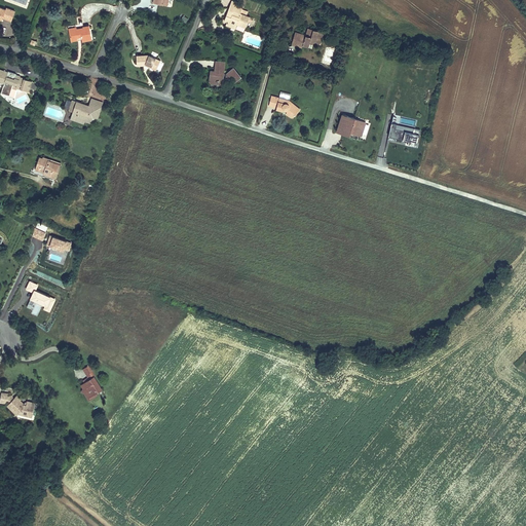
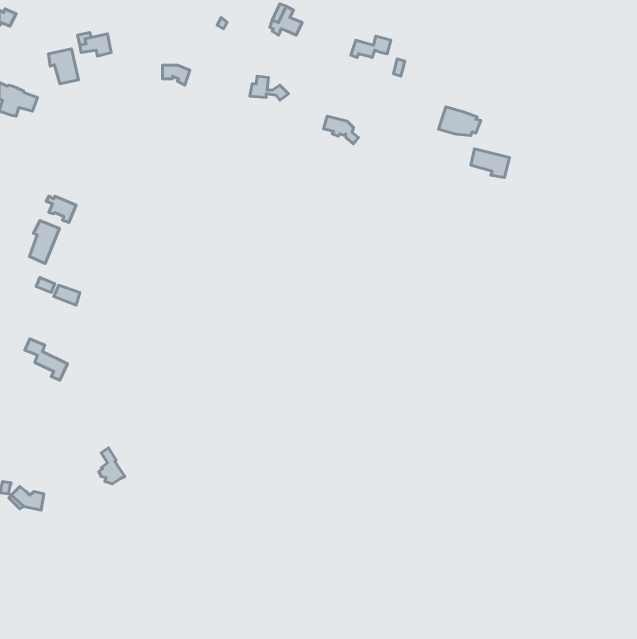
building: none -> [48,49,79,84]
building: [68,101,102,124] -> none
building: [334,113,369,137] -> [438,107,481,136]
building: none -> [29,220,60,264]

